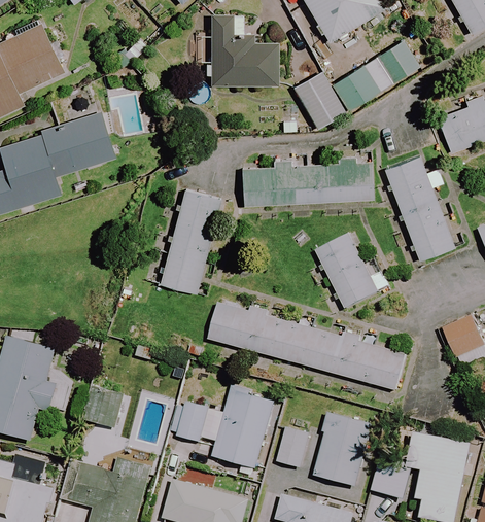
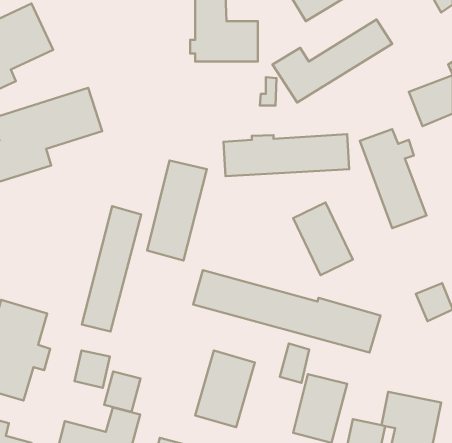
building: none -> [82,206,141,331]
building: [170,399,208,442] -> [104,372,140,412]
building: [277,426,308,467] -> [280,344,309,383]

